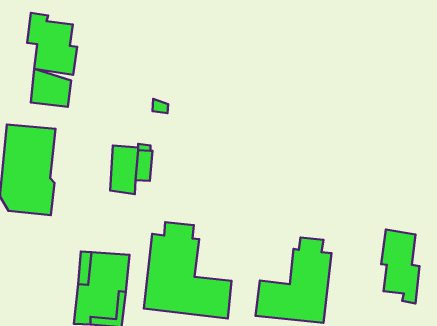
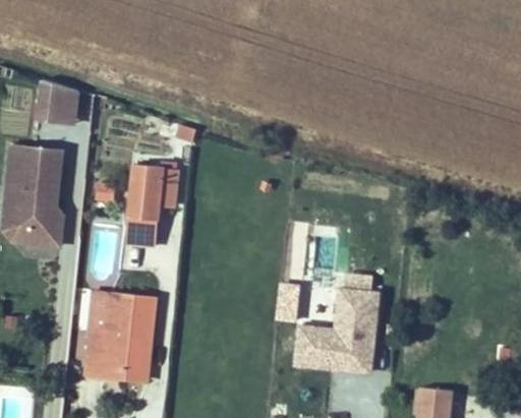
building: [27,13,77,75] -> none
building: [144,222,232,319] -> none
building: [381,229,420,303] -> none

